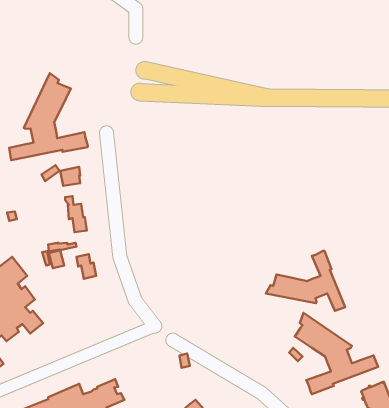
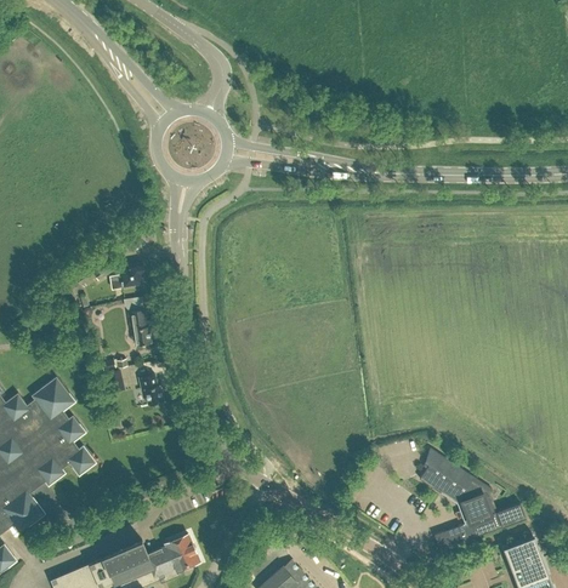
building: [9,73,88,160] -> none
building: [266,251,345,311] -> none

